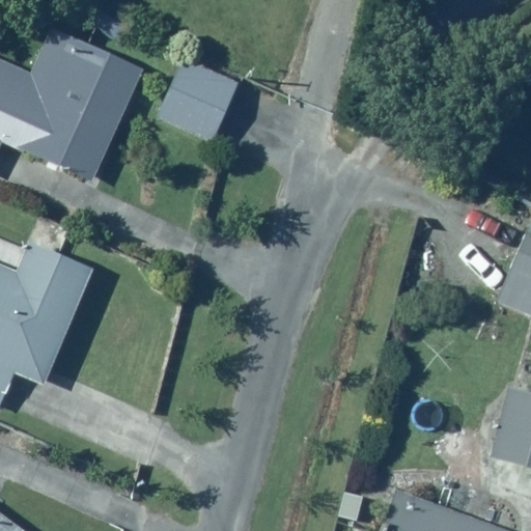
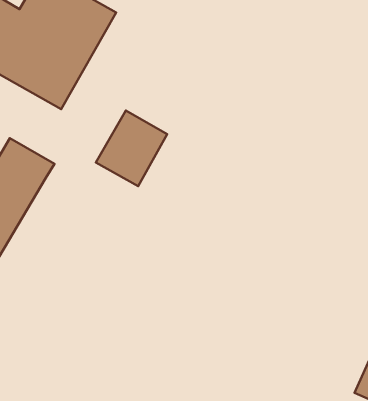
building: [159,57,235,142] -> [96,111,167,186]

